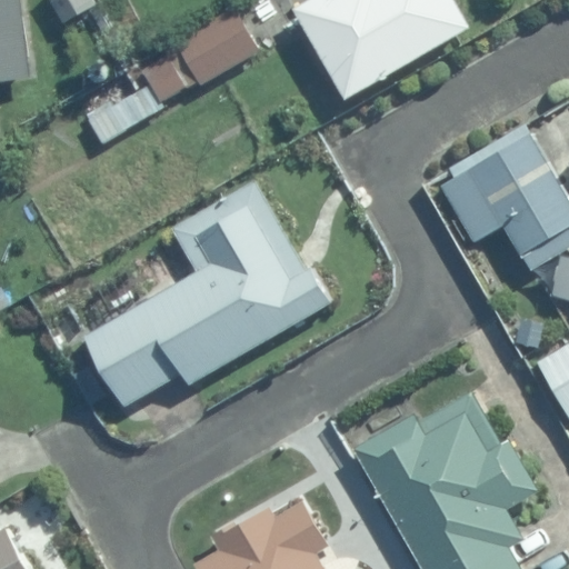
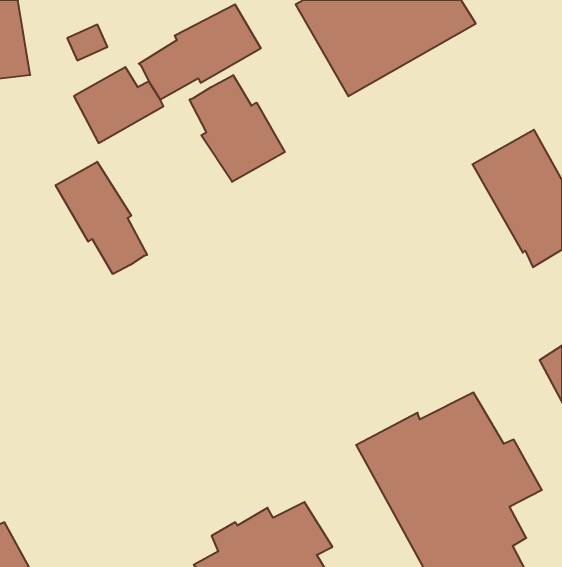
building: none -> [190,75,285,182]
building: none -> [56,162,147,274]
building: [86,181,332,406] -> none

